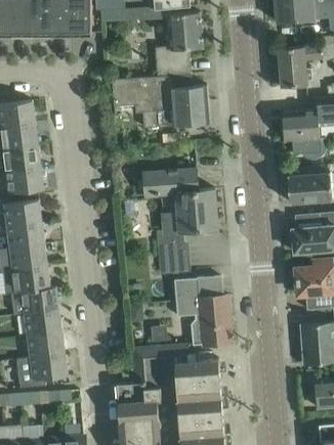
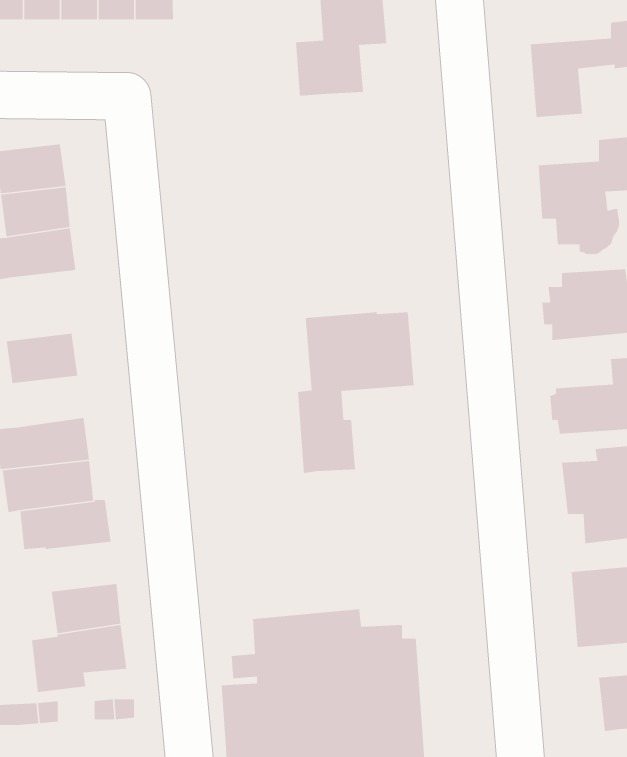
building: [113,75,210,128] -> none
building: [6,168,44,194] -> none
building: [143,169,199,196] -> none
building: [7,223,45,250] -> none
building: [175,277,233,347] -> none
building: [25,310,62,336] -> none

